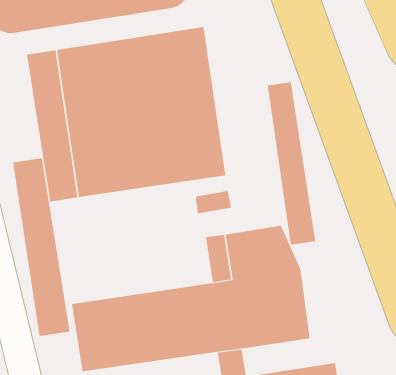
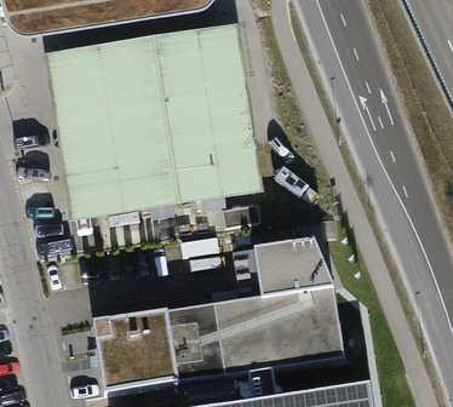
building: [267,81,316,246] -> none
building: [13,157,70,337] -> none

